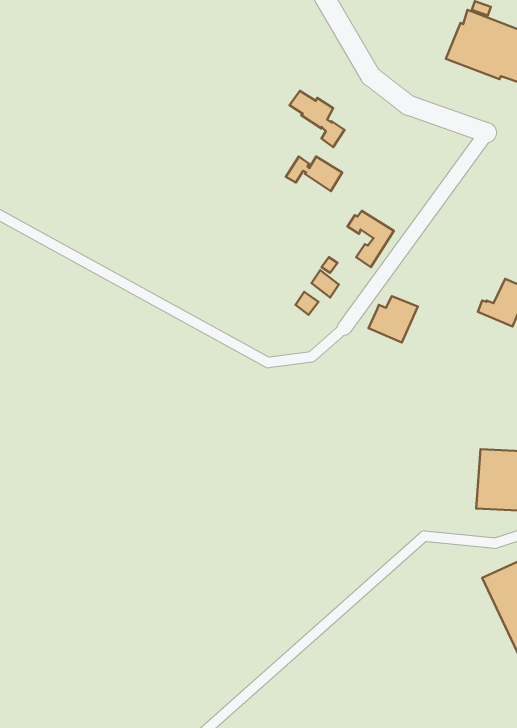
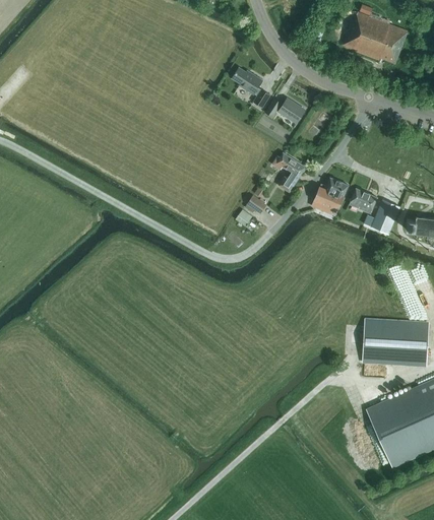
building: [286,156,342,191] -> [265,99,305,123]
building: none -> [349,188,377,213]
building: [369,296,418,343] -> [314,178,349,210]

